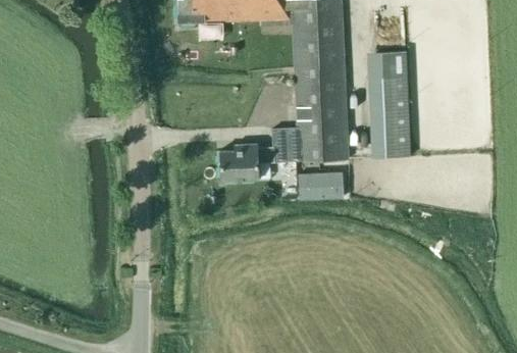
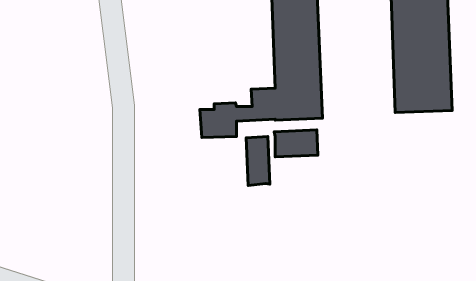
building: [375,52,410,158] -> none
building: none -> [246,137,270,185]

